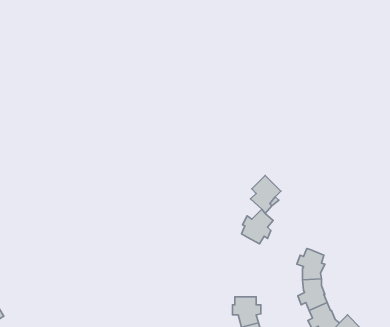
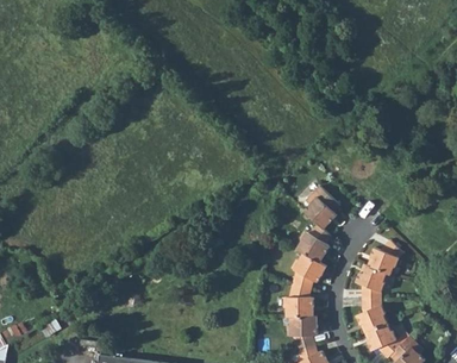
building: none -> [369,239,401,274]
building: none -> [283,254,321,317]

